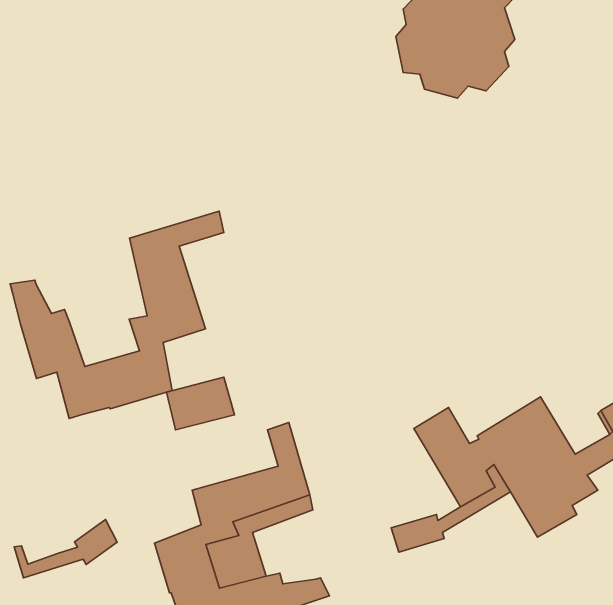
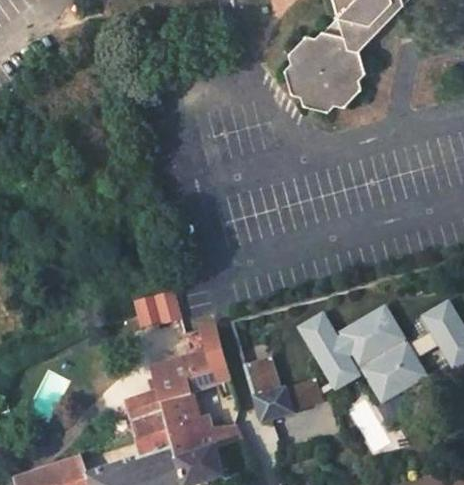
building: [10,211,224,418] -> none
building: none -> [243,356,289,421]
building: [14,520,117,578] -> none

